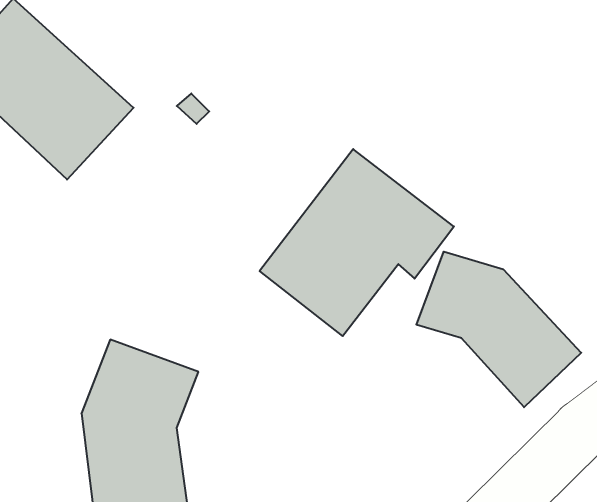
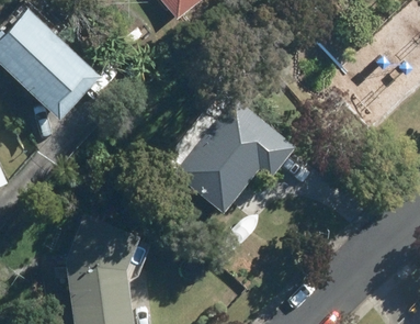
building: [416,252,581,407] -> none

